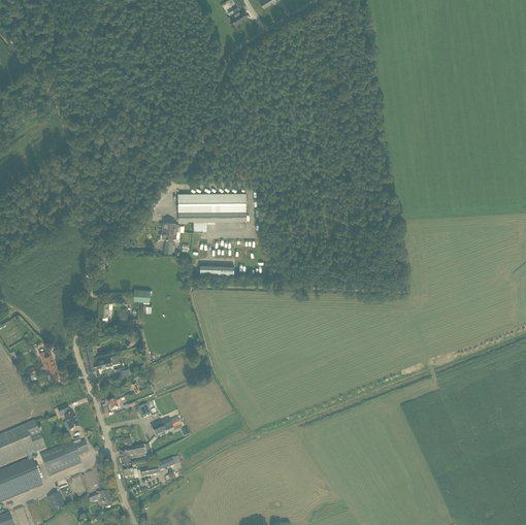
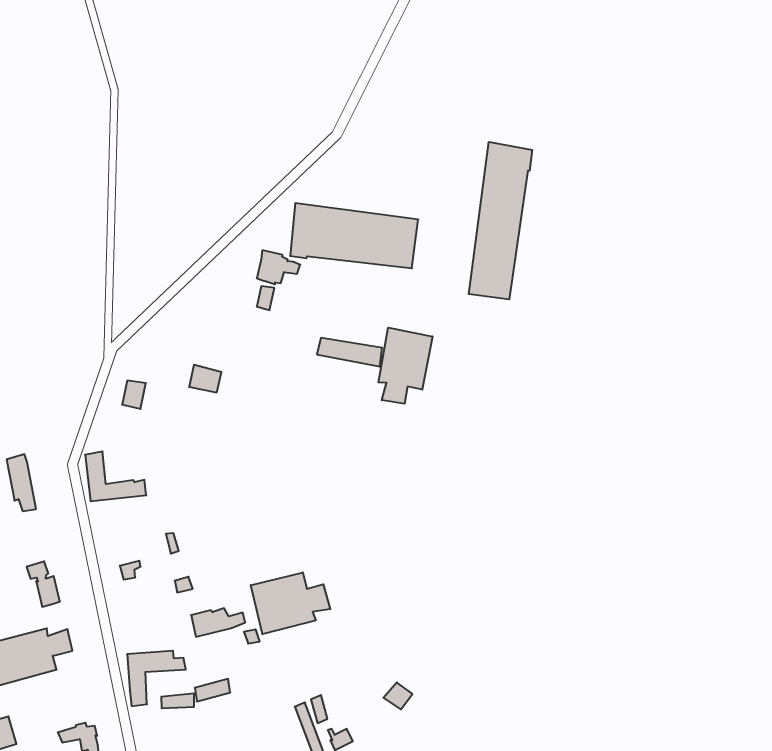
building: none -> [469,142,532,299]
building: none -> [378,328,432,404]
building: none -> [251,572,330,634]

